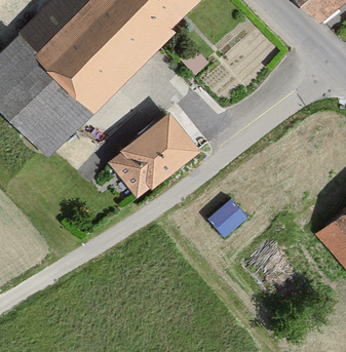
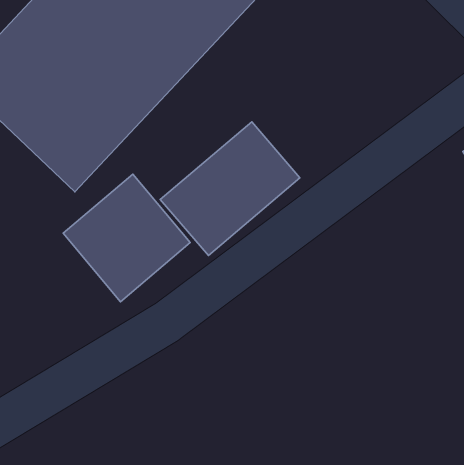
building: none -> [63,174,190,302]

